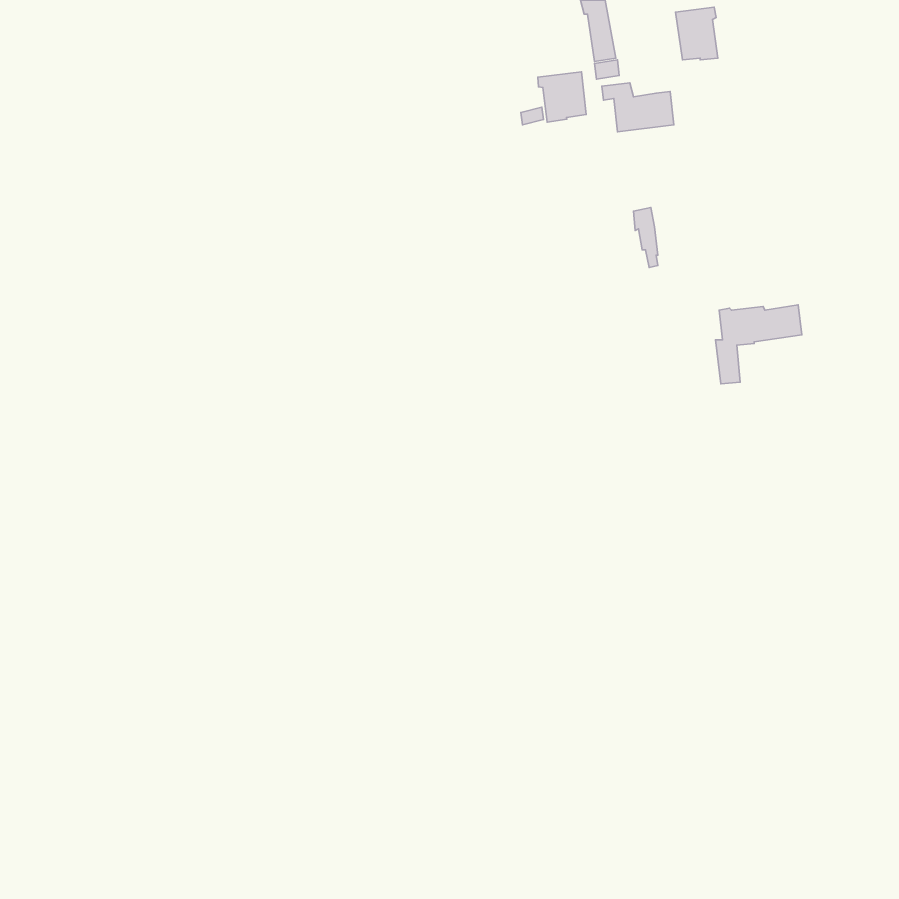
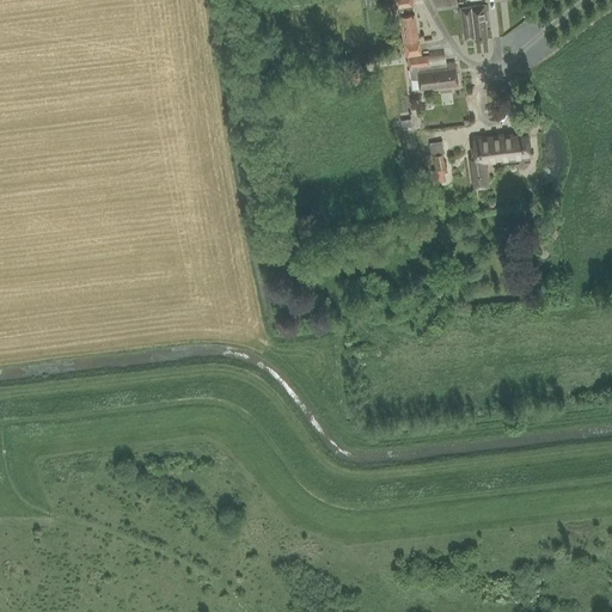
building: [538,72,586,122] -> none
building: [716,305,802,384] -> [471,134,530,188]

